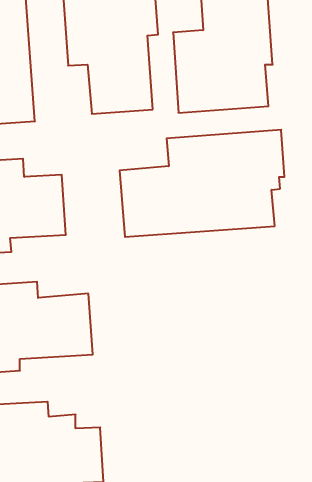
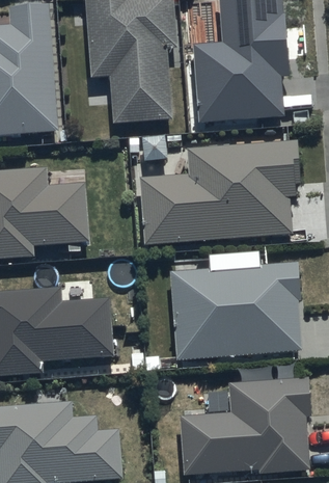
building: none -> [171,263,301,359]
building: none -> [179,377,312,476]

